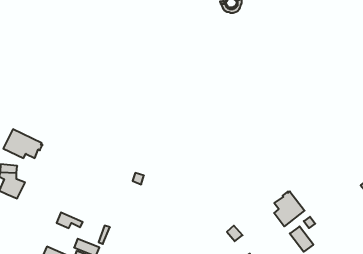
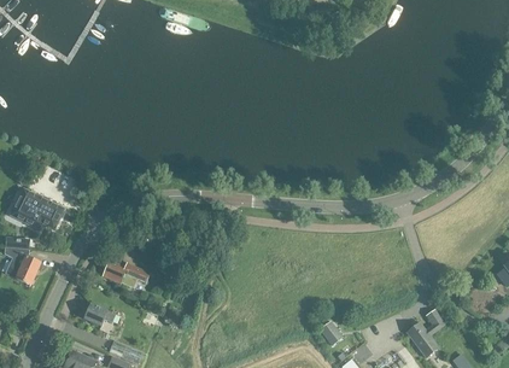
building: none -> [103,261,150,288]
building: [274,191,305,226] -> none

